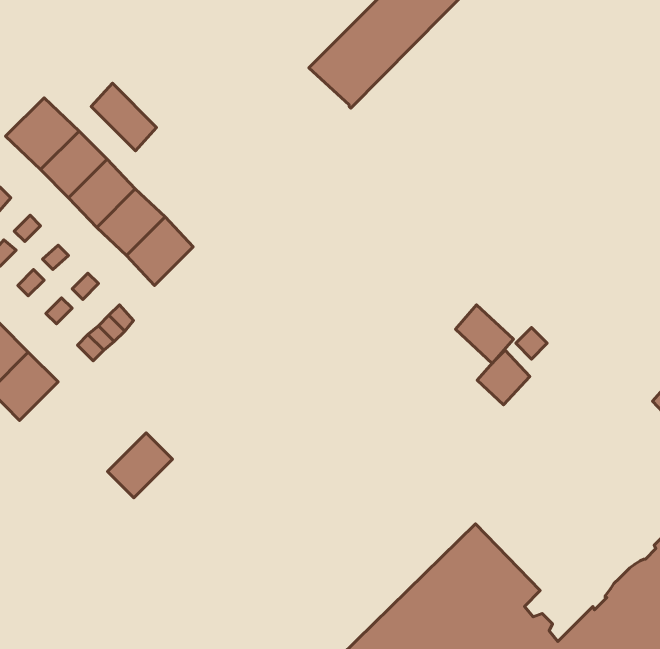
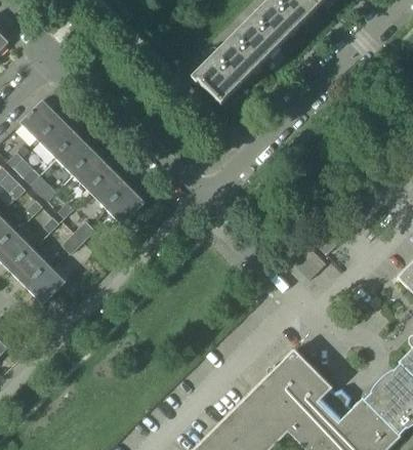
building: [91,83,157,151] -> none
building: none -> [106,187,144,224]
building: [455,305,513,363] -> none
building: [108,433,172,498] -> [27,265,65,303]

